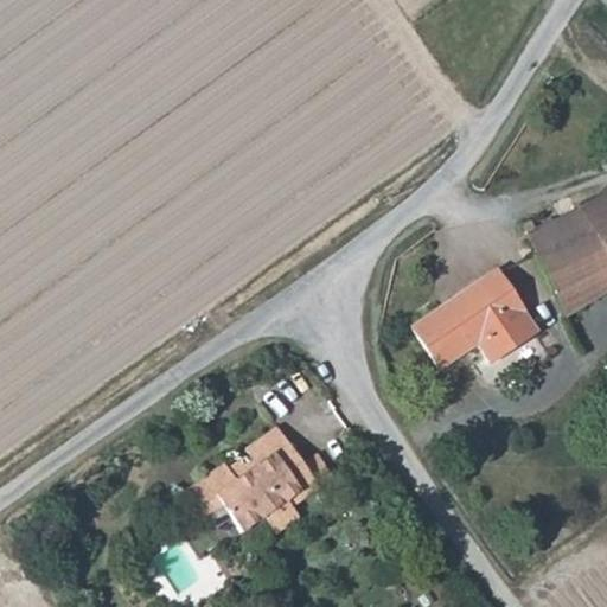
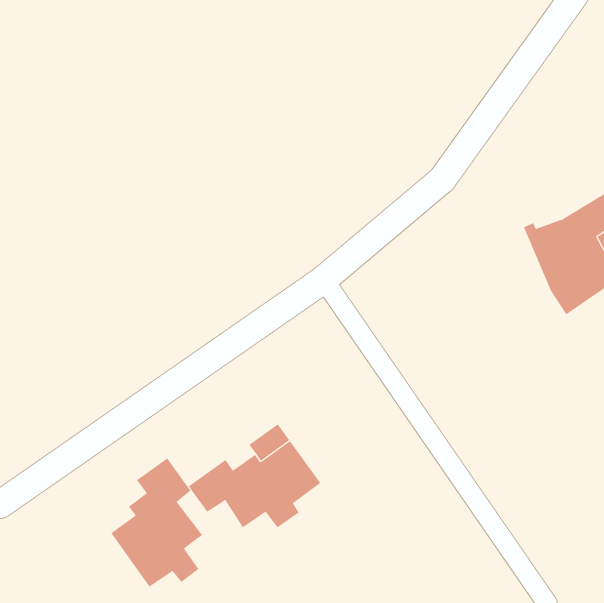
building: [415,269,538,364] -> none
building: none -> [110,457,203,587]

